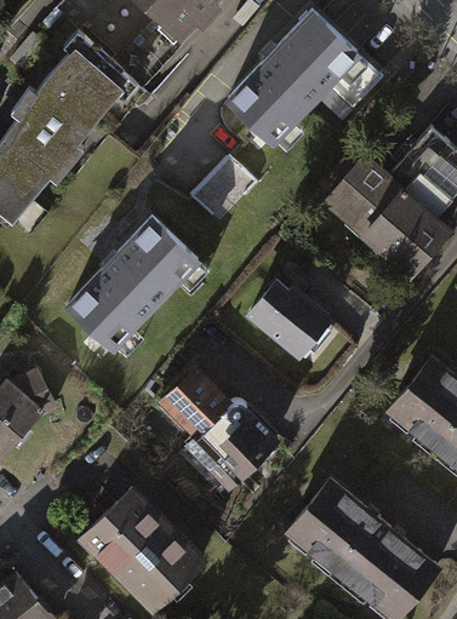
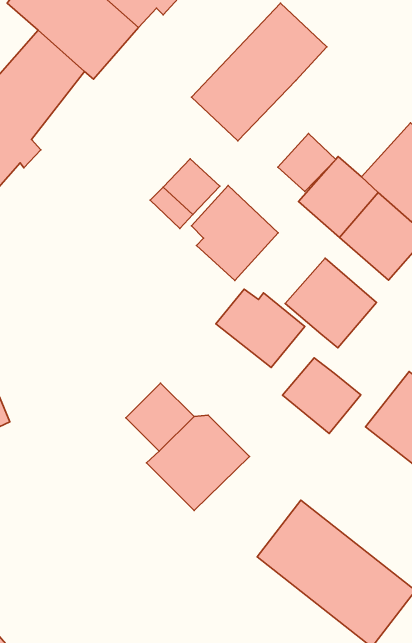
building: [324,55,378,109] -> [278,134,336,192]
building: none -> [192,186,278,280]
building: [65,219,193,349] -> none
building: none -> [285,258,377,348]
building: none -> [282,358,361,434]
building: [82,489,201,607] -> none

